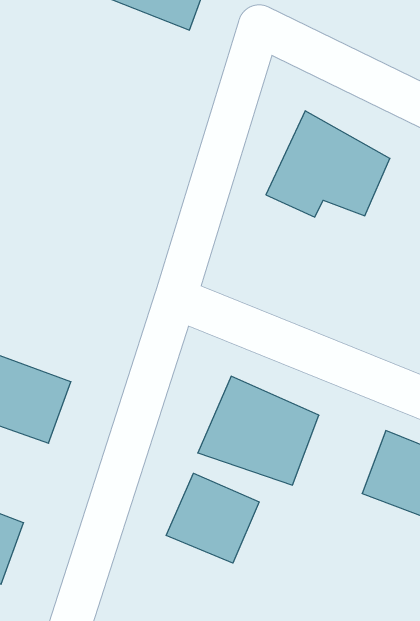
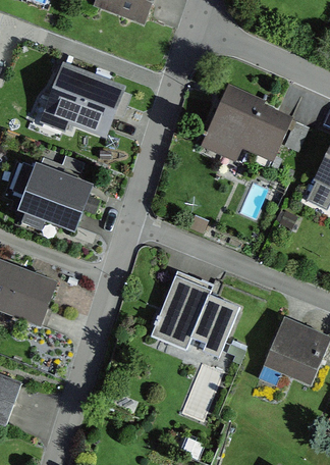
building: none -> [36,63,123,138]
building: none -> [18,168,86,229]
building: [166,473,259,563] -> none

